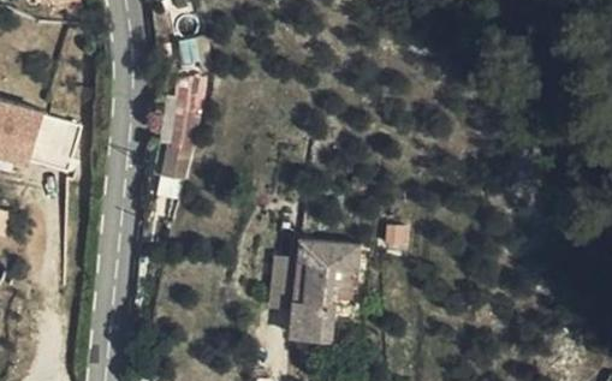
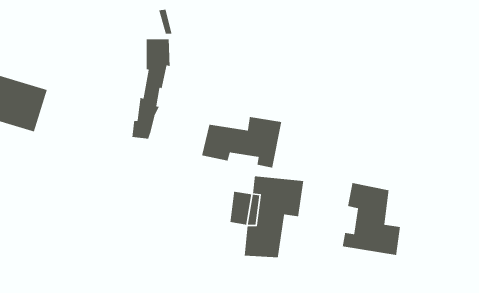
building: none -> [201,116,282,168]
building: none -> [342,182,401,256]

